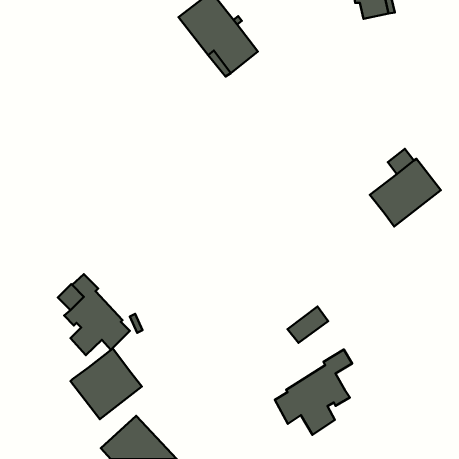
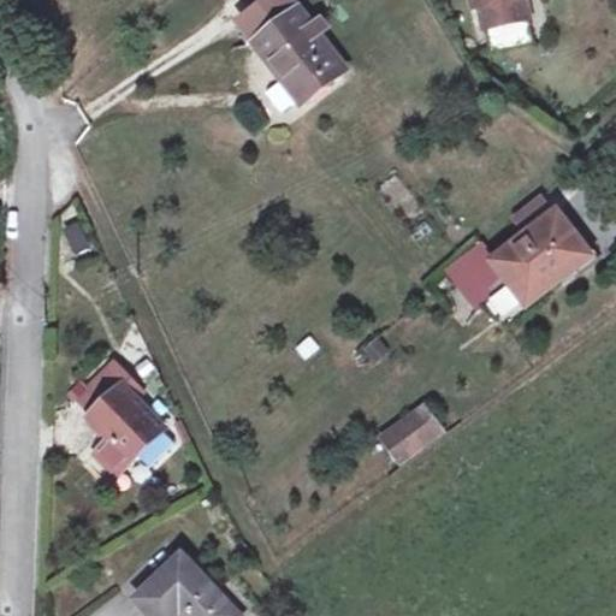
building: none -> [445,241,513,310]
building: [70,348,142,419] -> none
building: [275,350,352,435] -> none

